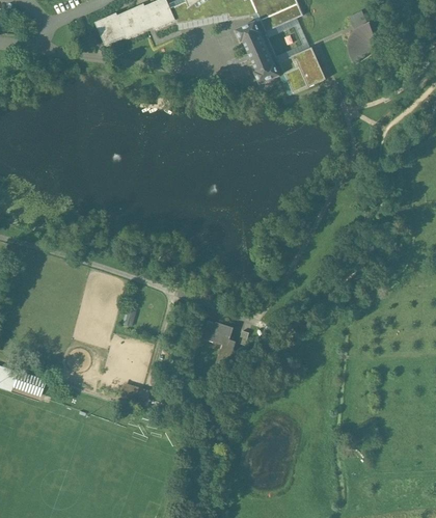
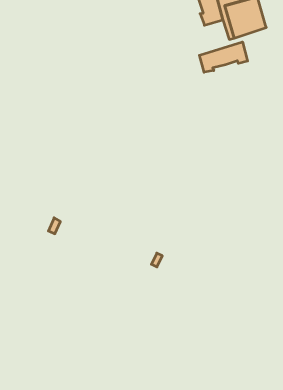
building: none -> [199,42,248,72]
building: [202,320,238,370] -> none

